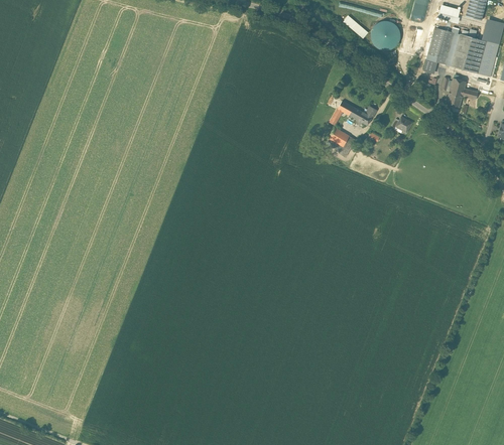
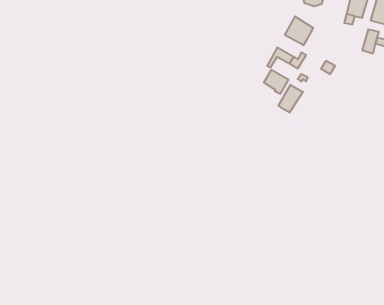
building: none -> [285,16,313,45]
building: none -> [278,85,303,113]

